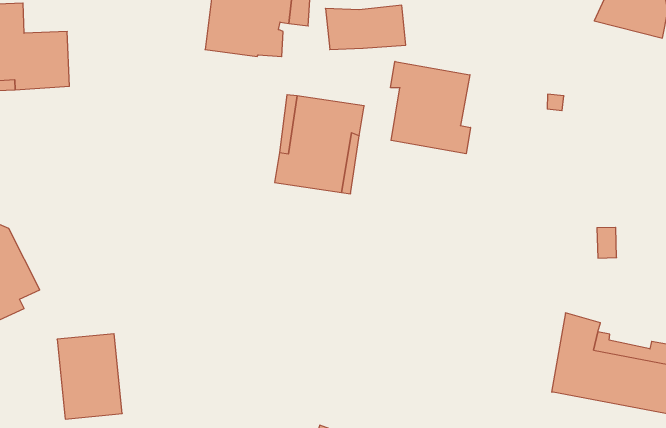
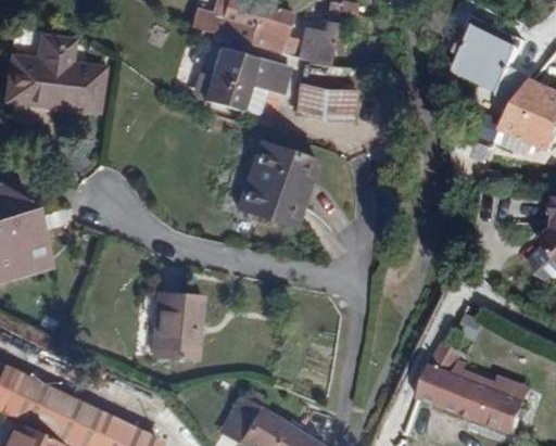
building: [391,61,470,154] -> none
building: [57,334,122,419] -> [152,294,200,358]

